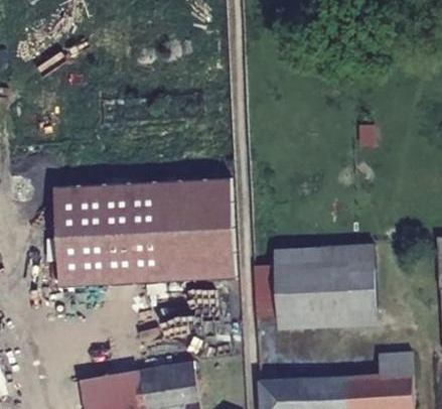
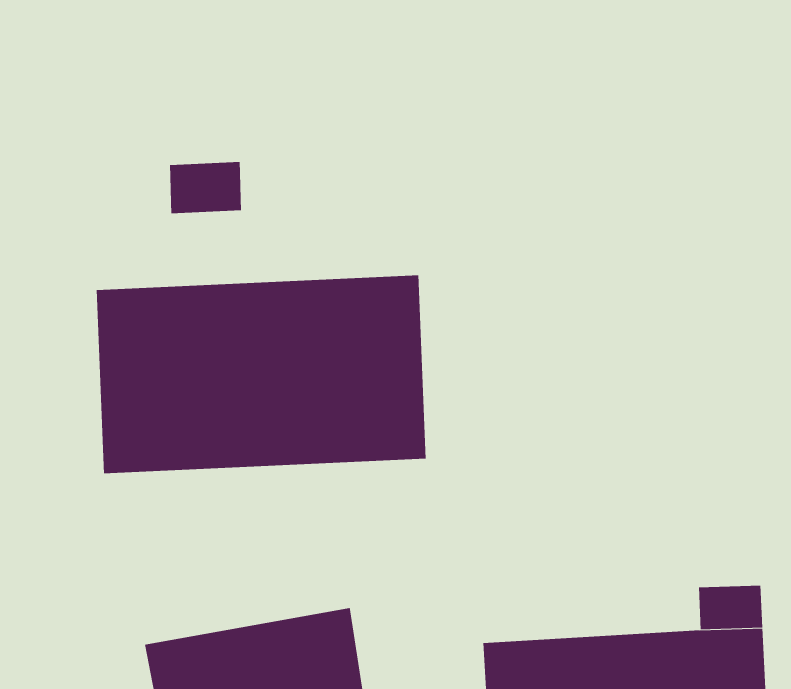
building: none -> [169,161,242,214]
building: [256,243,380,328] -> none

